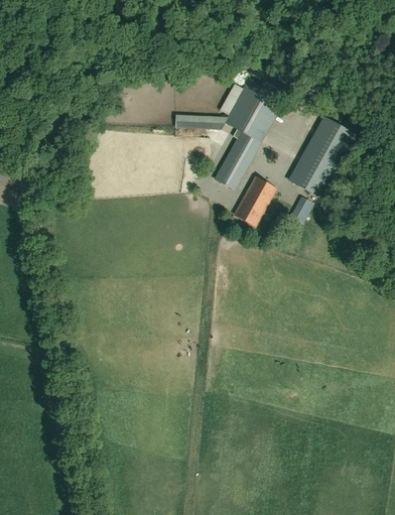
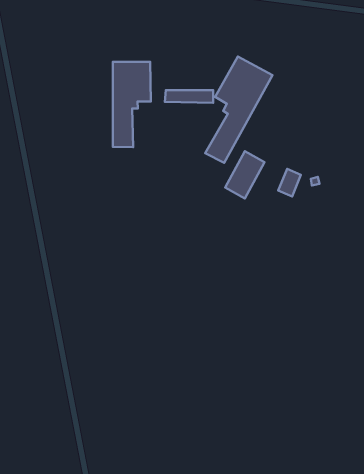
building: none -> [113,62,151,147]
building: [288,116,355,196] -> none

